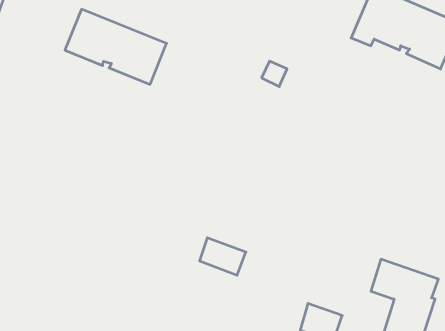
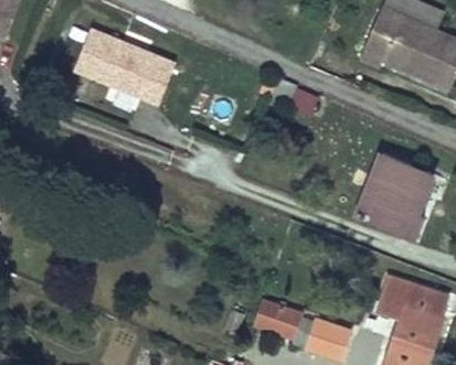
building: none -> [356,152,428,237]
building: [200,238,246,275] -> [254,301,300,339]

